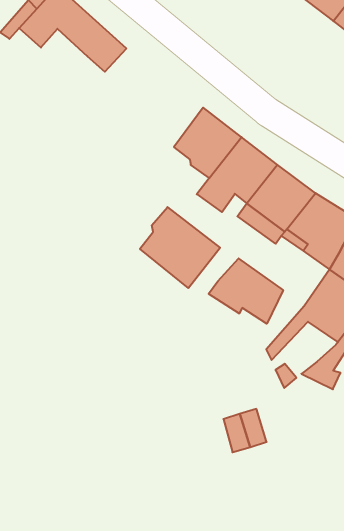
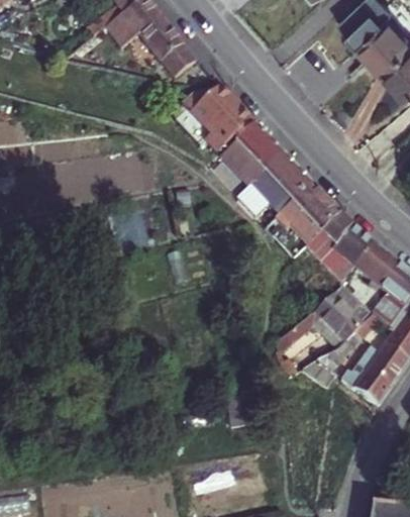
building: none -> [182,86,252,152]
building: [140,207,220,288] -> none
building: [209,258,283,324] -> none

